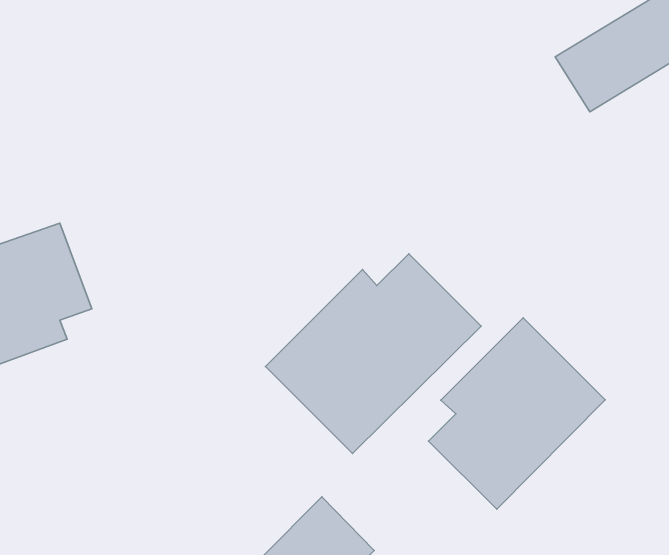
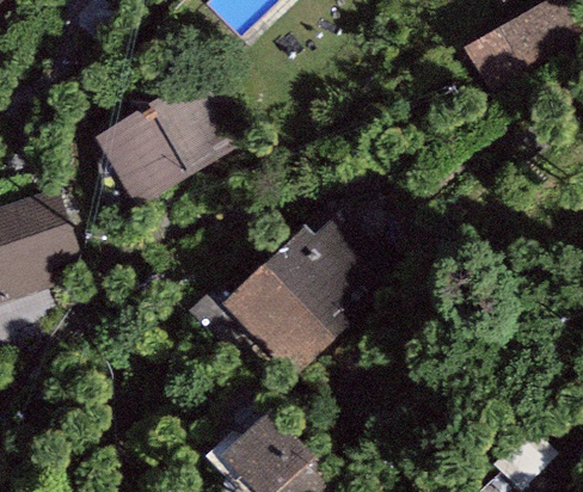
building: none -> [91,78,238,207]
building: [429,318,605,509] -> none

